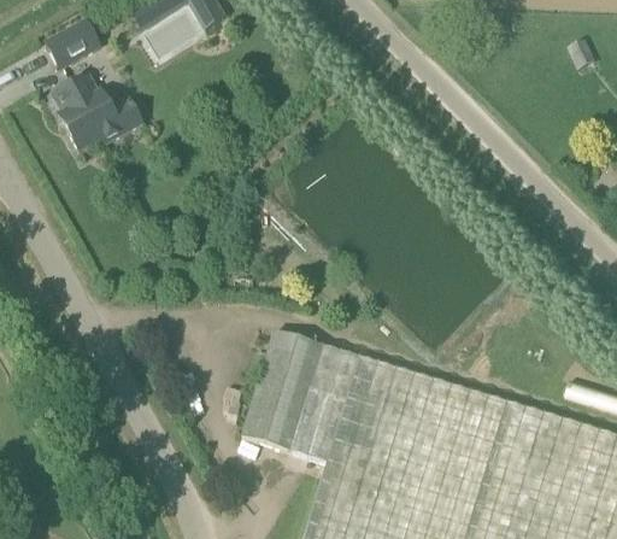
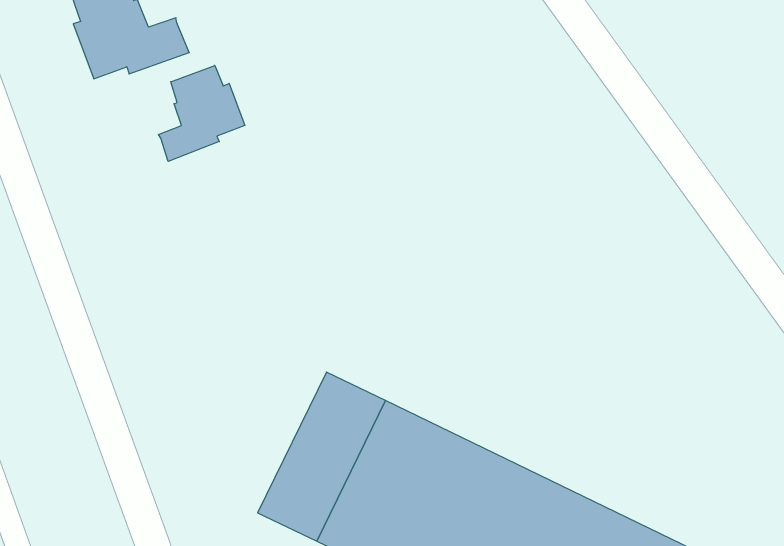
building: none -> [158,65,245,161]

